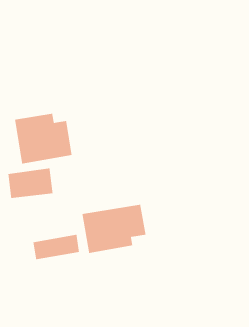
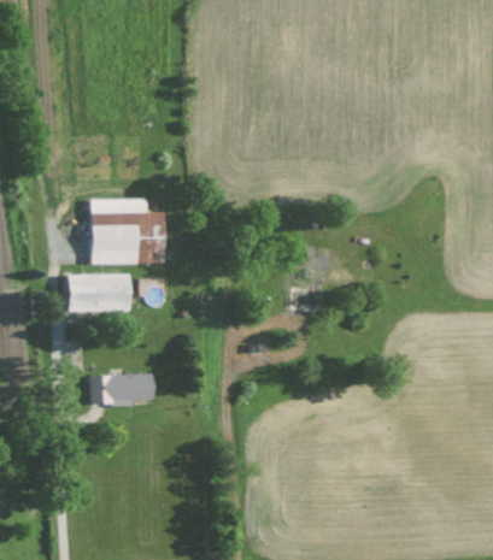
building: [81,204,146,254] -> none

